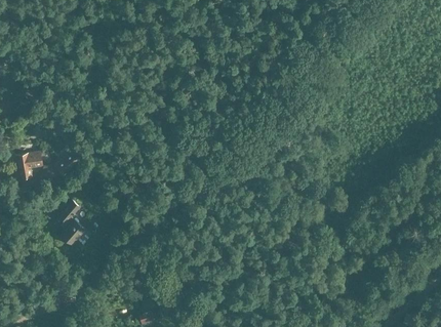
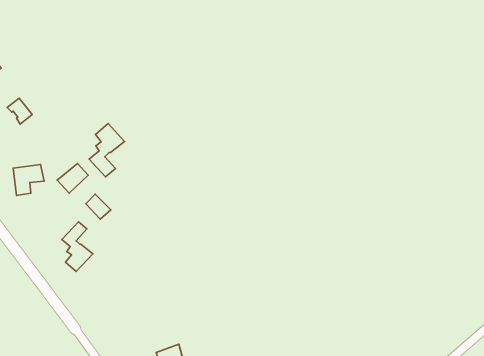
building: none -> [89,124,124,177]

